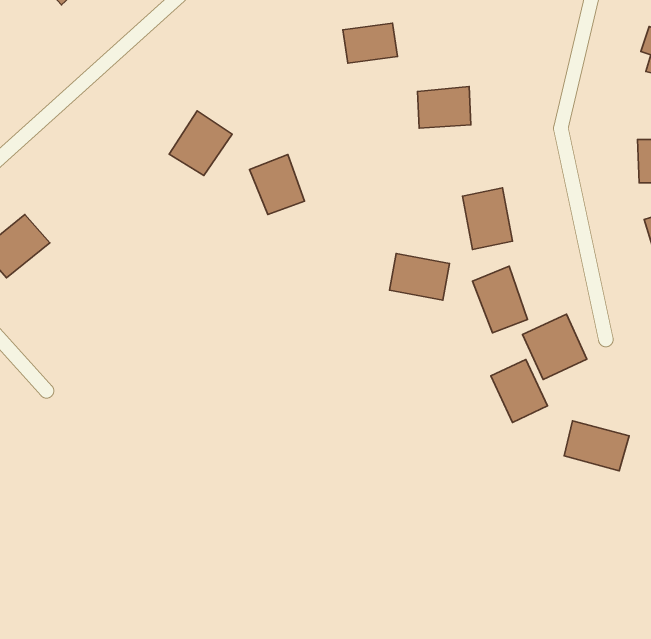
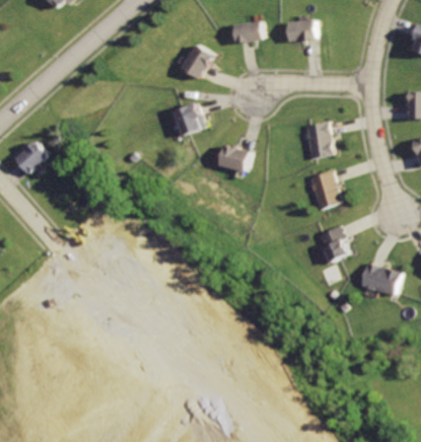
building: [418,87,471,128] -> [281,18,313,44]
building: [169,111,232,176] -> [176,44,214,83]
building: [390,254,449,300] -> [215,144,252,172]
building: [523,314,587,379] -> none

